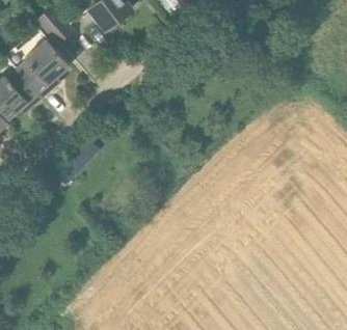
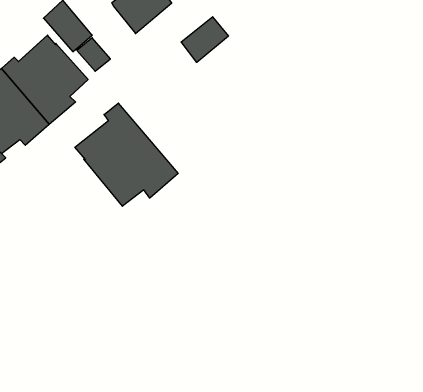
building: none -> [181,17,228,62]
building: none -> [75,103,178,206]

